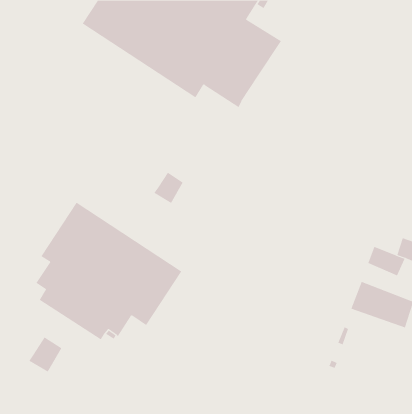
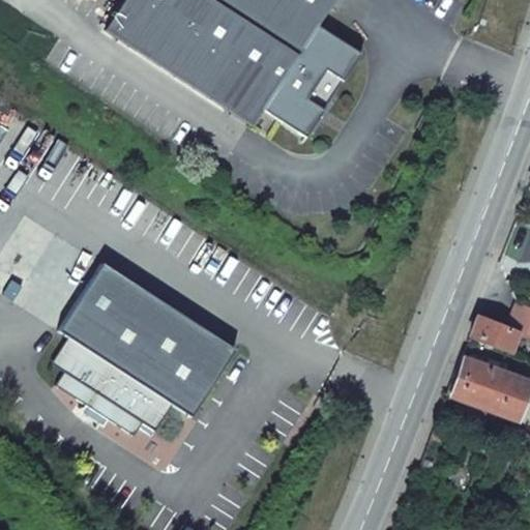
building: [154,172,184,204] -> none
building: [28,336,62,373] -> none

